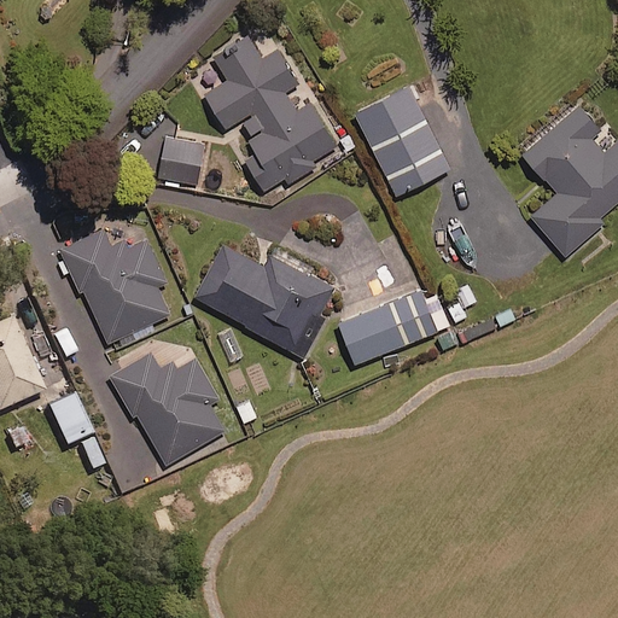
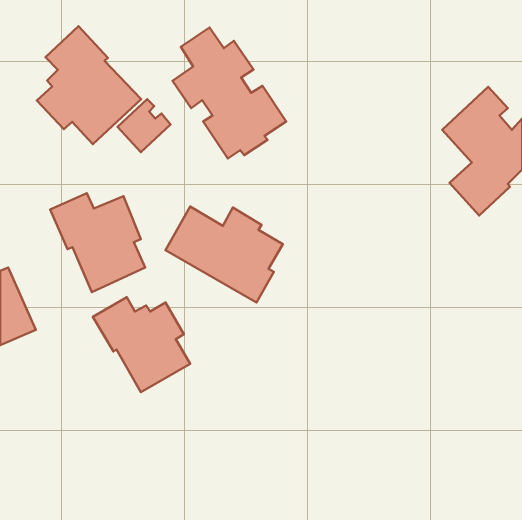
building: none -> [37,26,141,144]
building: [354,86,450,197] -> none
building: [338,284,450,366] -> none
building: [47,397,91,447] -> none

